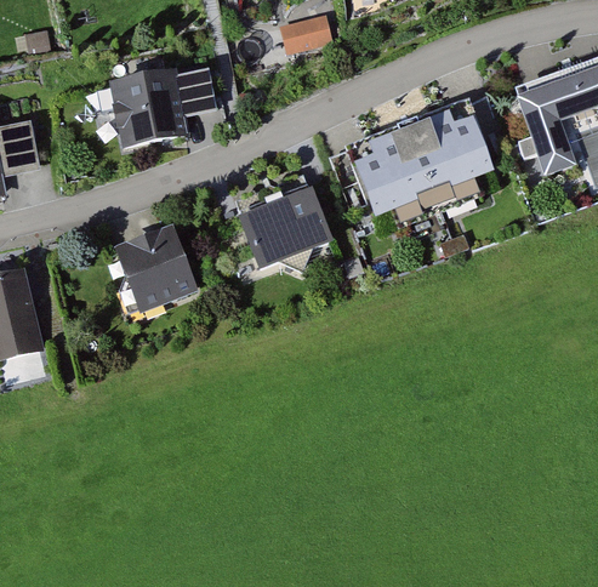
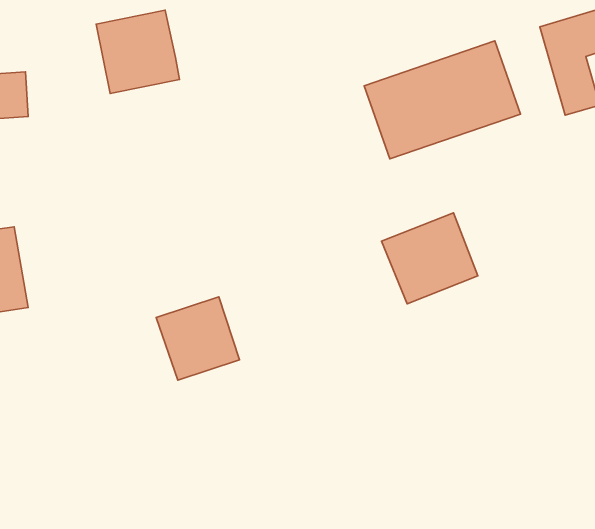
building: [166,69,205,115] -> none
building: [245,188,336,274] -> [382,213,478,304]
building: [116,230,195,309] -> [156,297,239,380]

